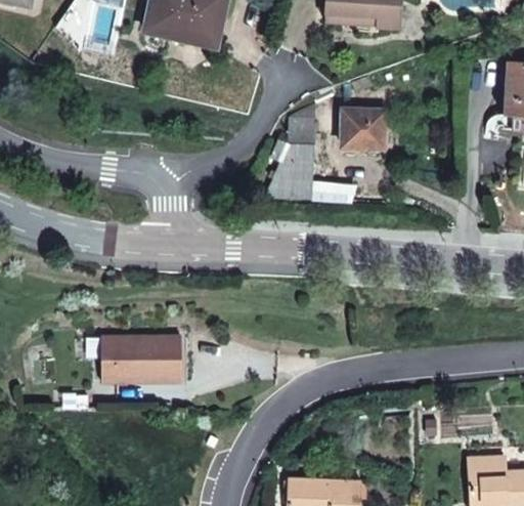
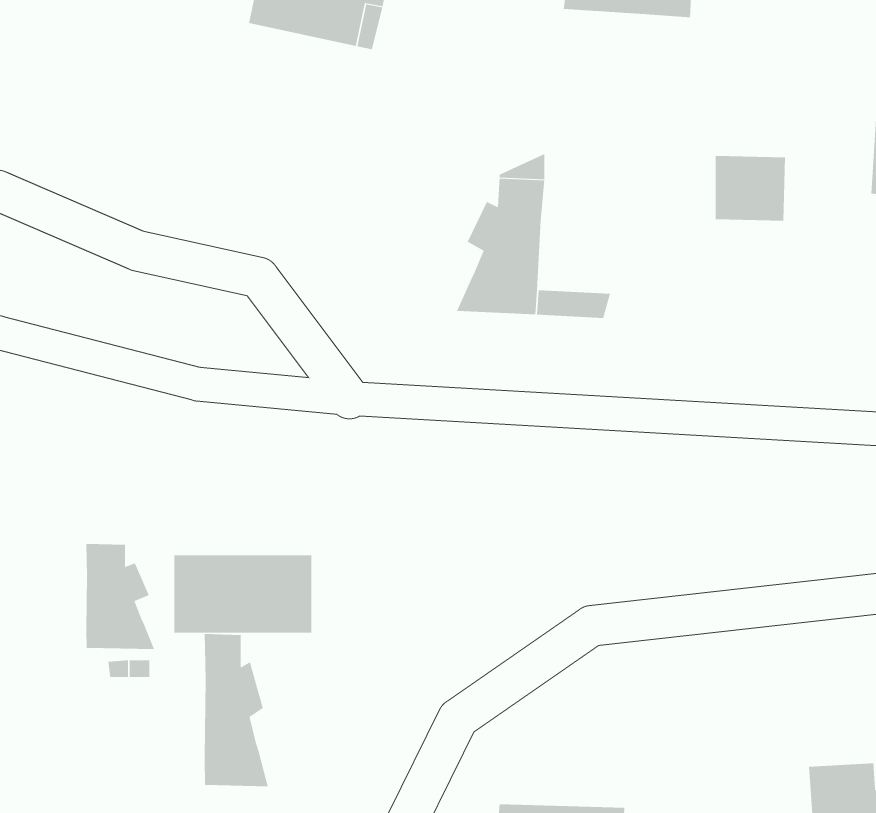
building: [343,110,384,147] -> [715,155,786,221]
building: none -> [86,543,155,650]
building: none -> [204,633,268,787]

